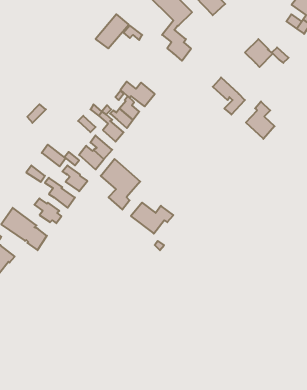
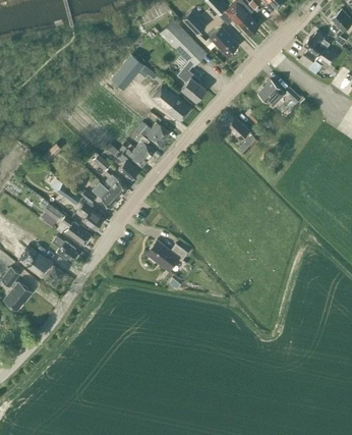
building: none -> [150,83,190,120]
building: [246,101,275,139] -> none
building: [101,159,140,210] -> none

